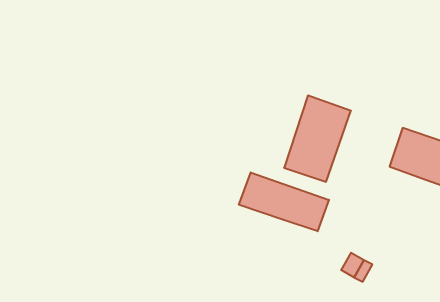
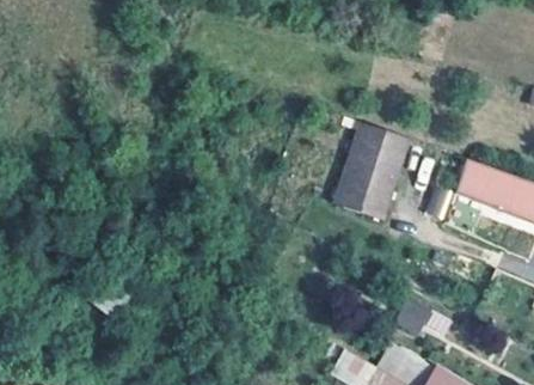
building: [239,172,329,231] -> none

